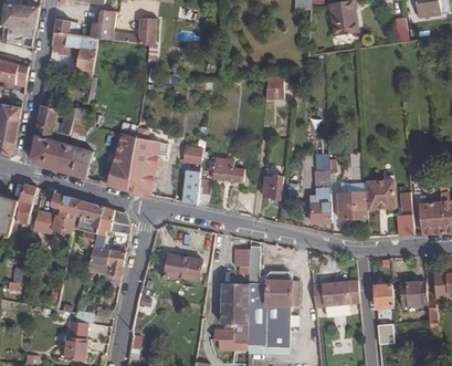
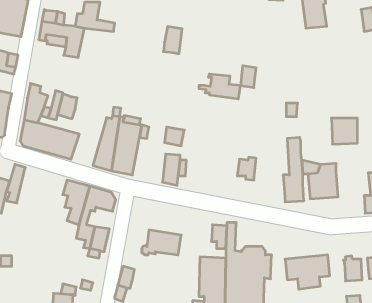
building: [138,17,158,45] -> [163,27,182,54]
building: [200,156,244,182] -> [199,74,240,99]
building: [367,180,395,208] -> [331,118,357,144]
building: [33,191,80,234] -> none

